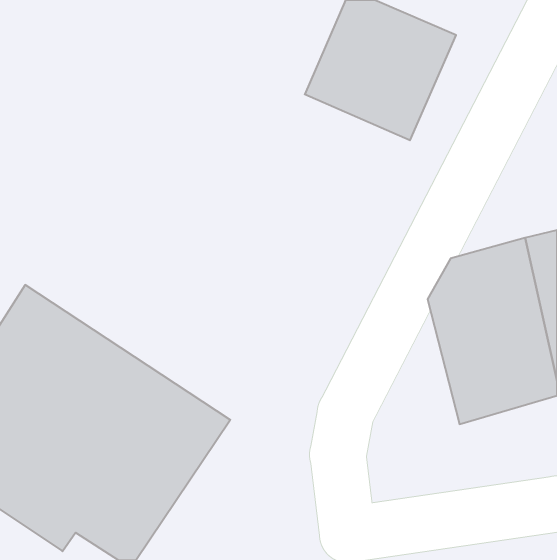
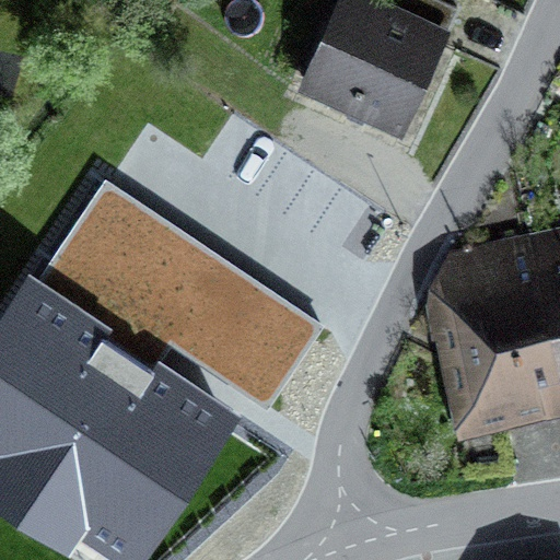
building: none -> [51,189,314,405]

